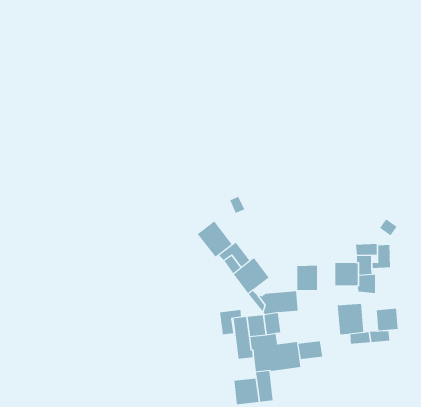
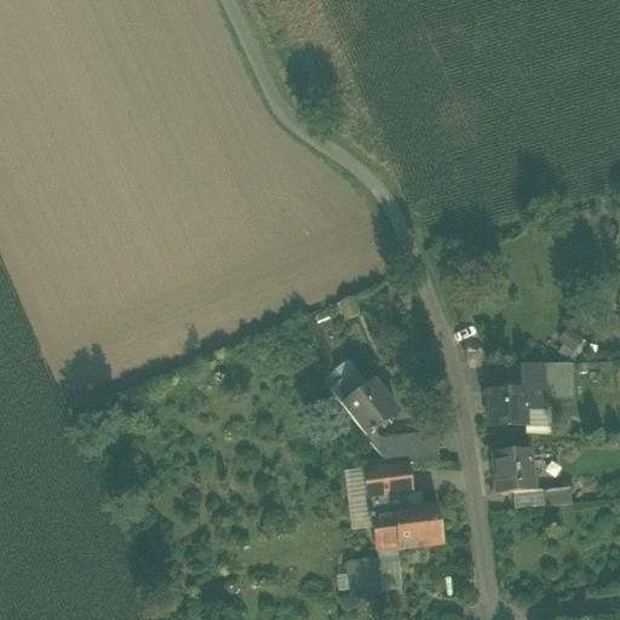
building: [197,221,233,258] -> none
building: [297,265,318,291] -> none
building: [376,308,398,331] -> none
building: [220,309,241,335] -> none
building: [298,340,323,360] -> none

